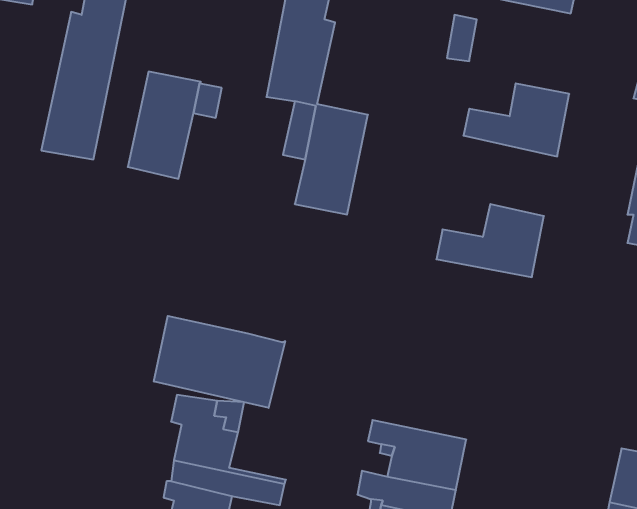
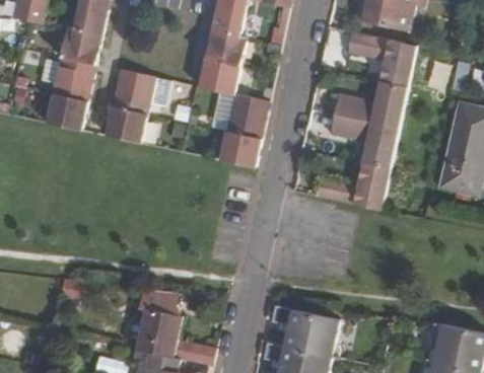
building: none -> [347,32,416,85]
building: none -> [331,114,399,168]
building: [154,316,285,408] -> none

